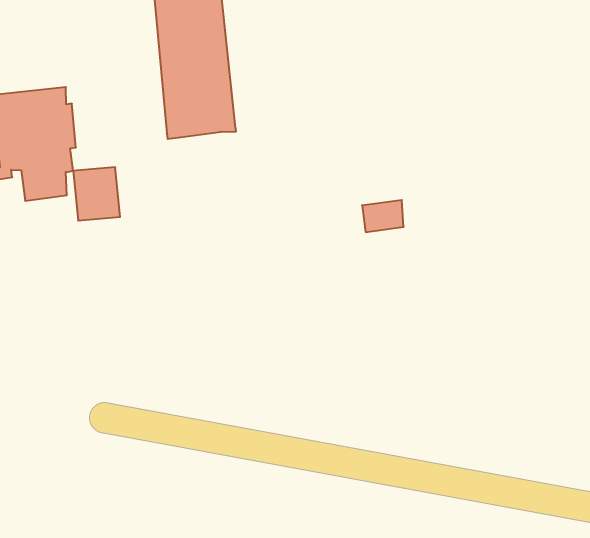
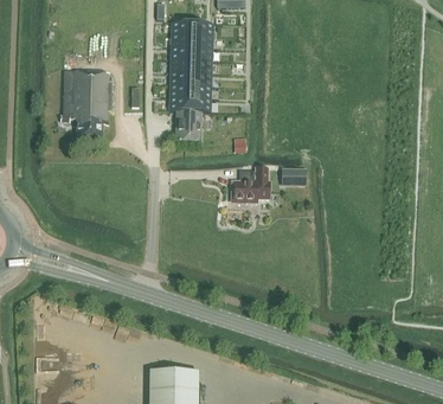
building: [73,167,120,221] -> [174,110,201,142]
building: none -> [233,166,269,200]

